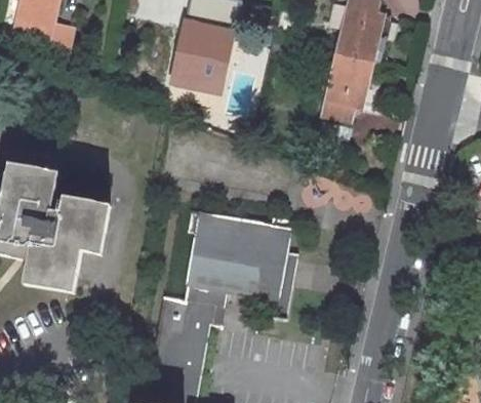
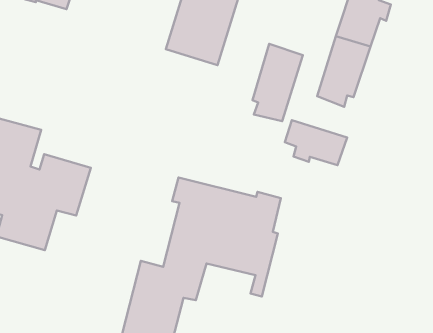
building: none -> [252,44,303,121]
building: none -> [285,120,347,165]

